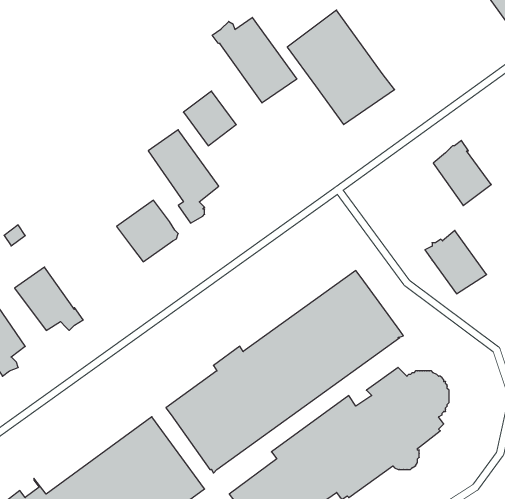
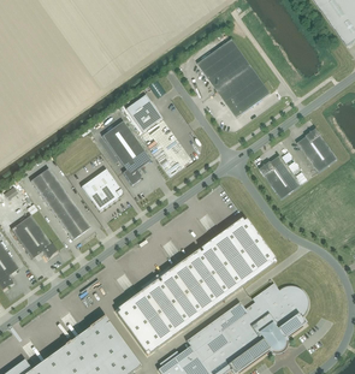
building: [212,17,297,103] -> none
building: none -> [30,166,90,238]
building: [425,230,487,294] -> [259,154,301,197]

